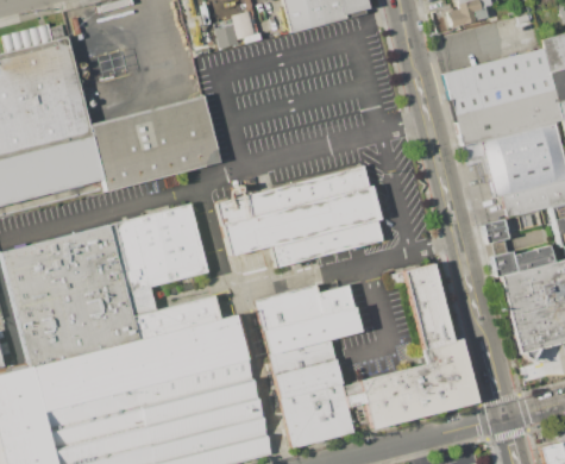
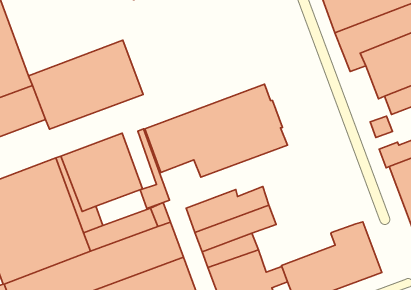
building: none -> [138,129,170,208]
building: [393,264,454,349] -> none

